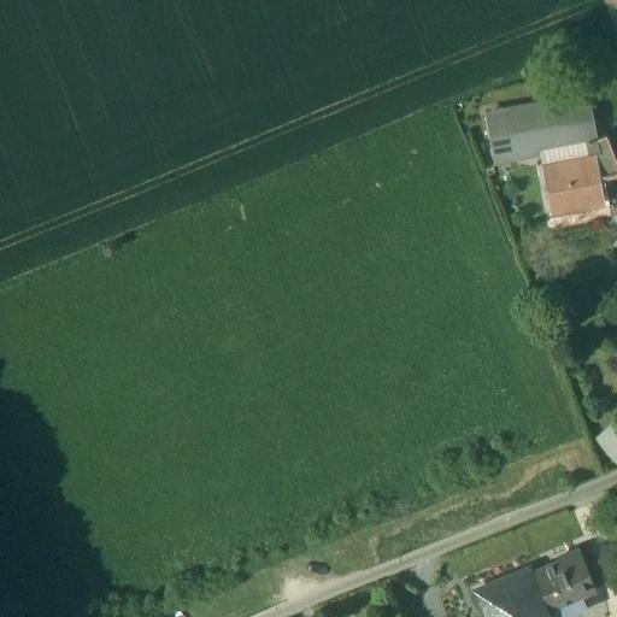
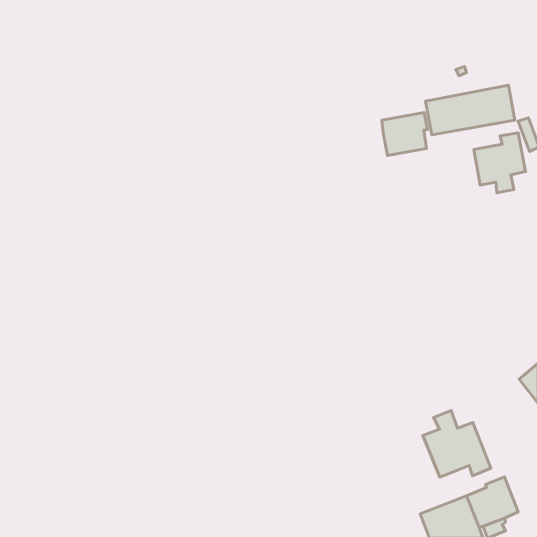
building: none -> [382,112,427,155]
building: none -> [423,411,491,477]

